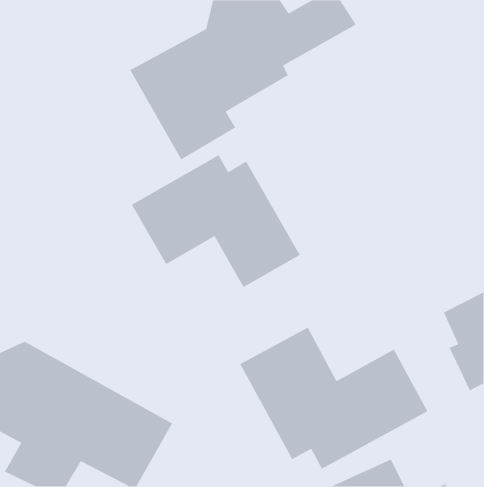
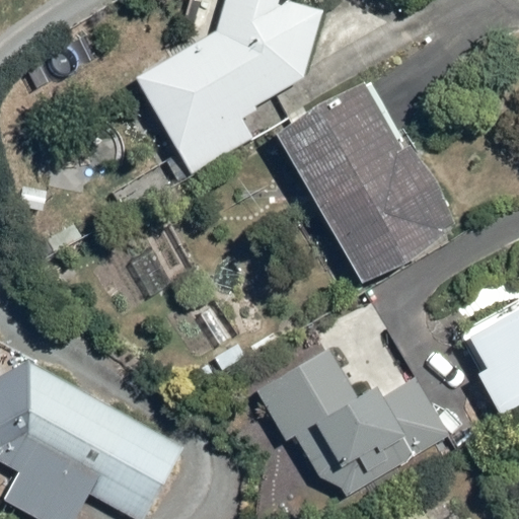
building: none -> [276,76,456,286]
building: [131,154,301,288] -> none

